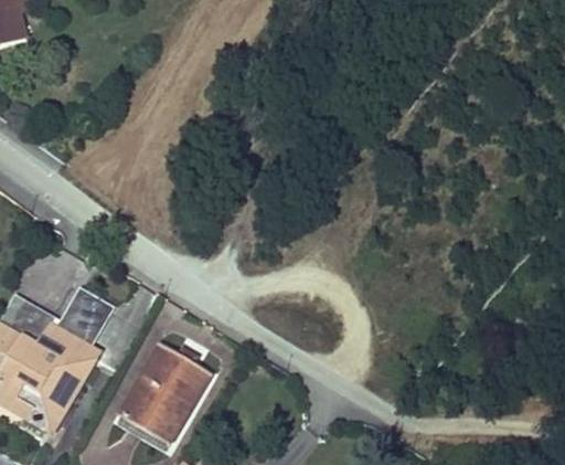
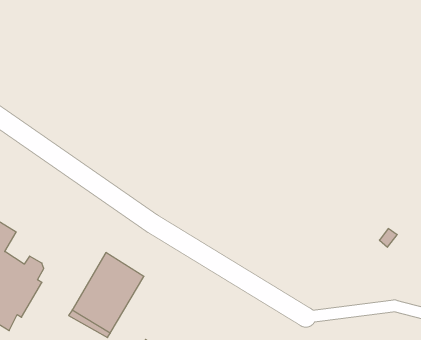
building: [56,286,108,339] -> none

